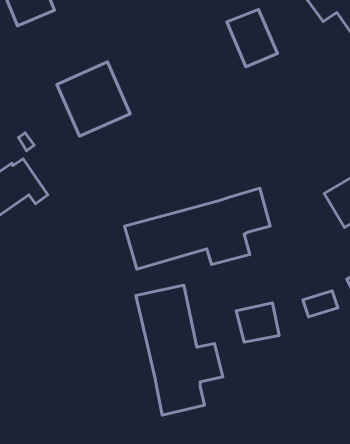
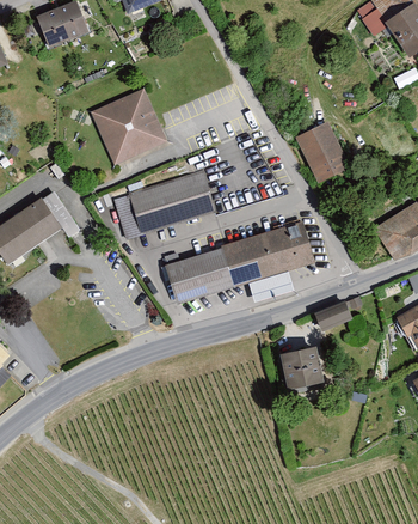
building: [227,10,278,67] -> [295,122,349,183]
building: none -> [112,172,215,239]
building: [136,285,223,415] -> none
building: [303,291,338,317] -> [315,300,352,328]

